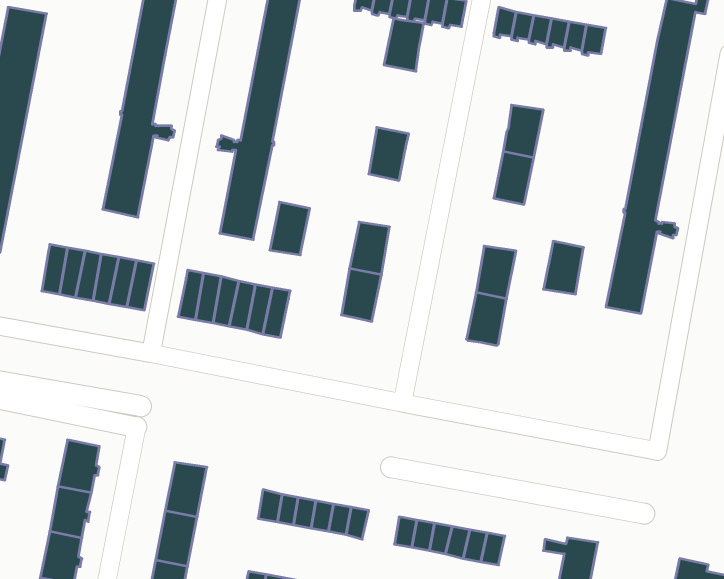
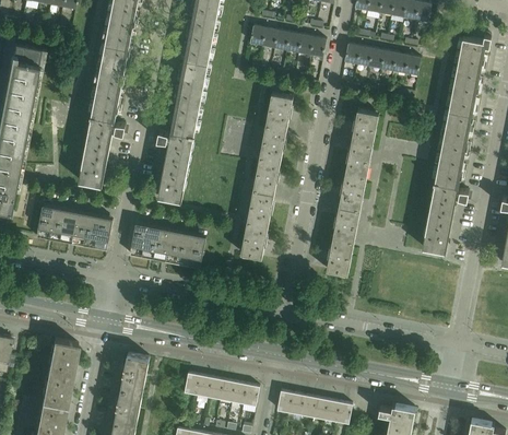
building: [384,18,424,71] -> [265,93,293,129]
building: [270,202,310,255] -> [253,156,281,192]
building: [543,241,584,294] -> [339,173,366,209]

